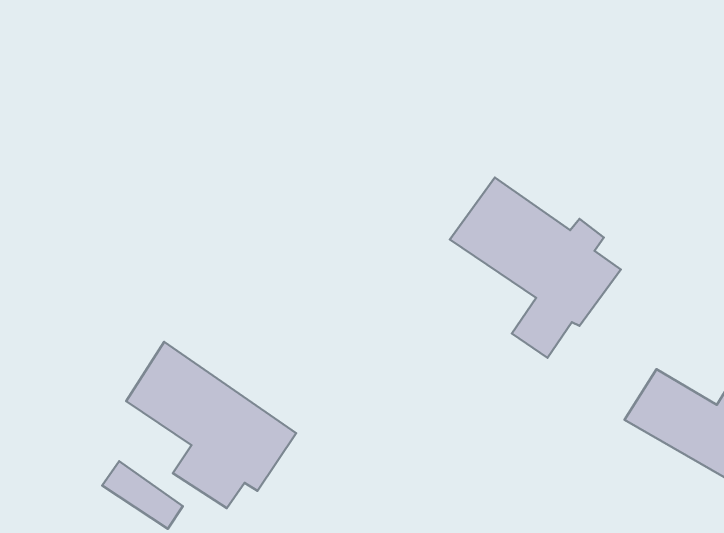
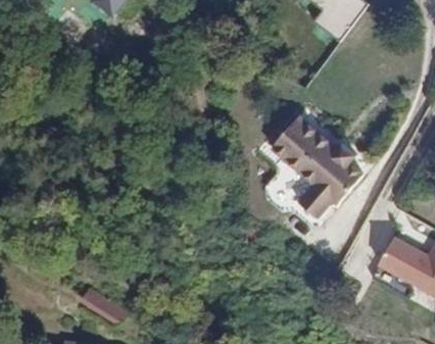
building: [126,342,296,508] -> none

